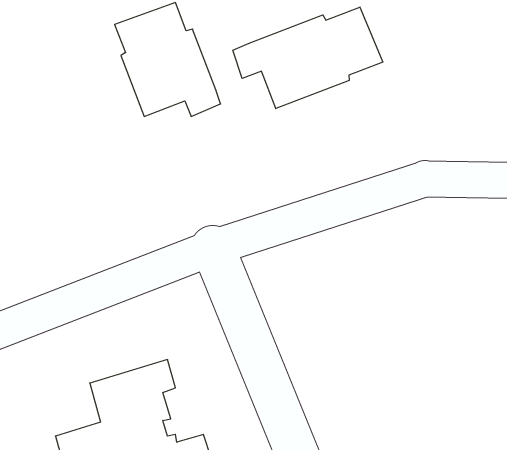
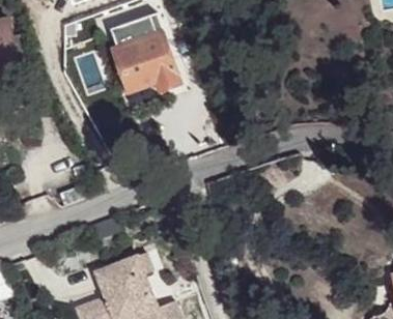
building: [233,7,383,109] -> none

